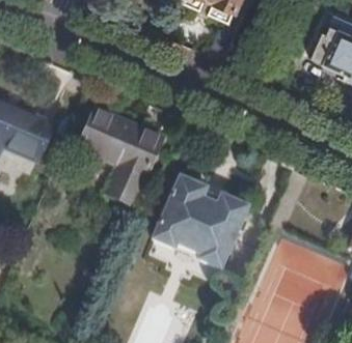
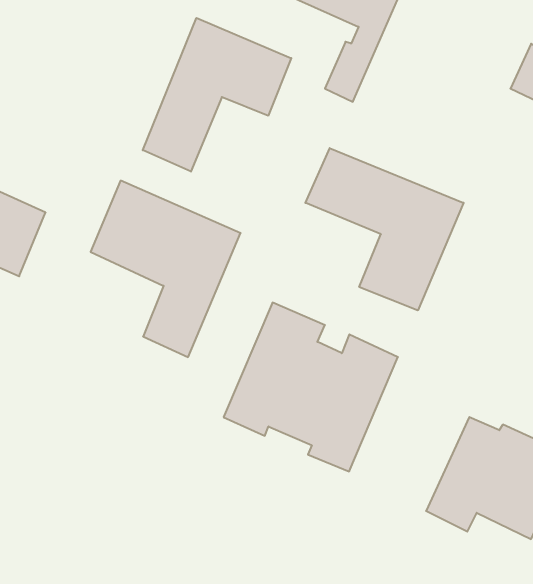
building: none -> [143,18,291,172]
building: none -> [305,148,464,310]

